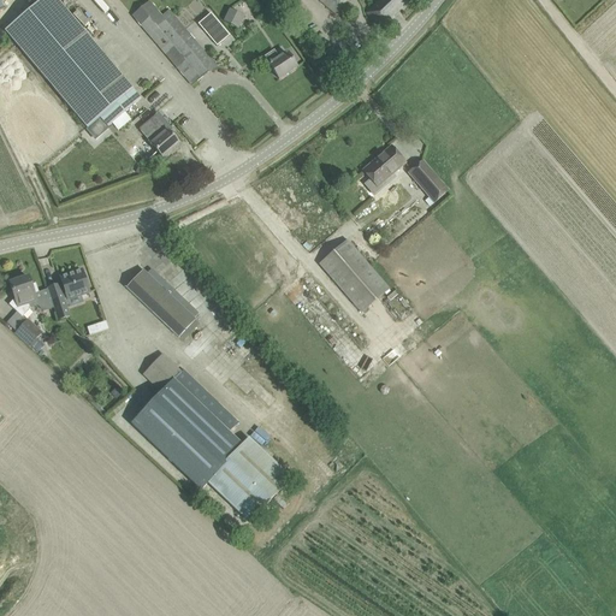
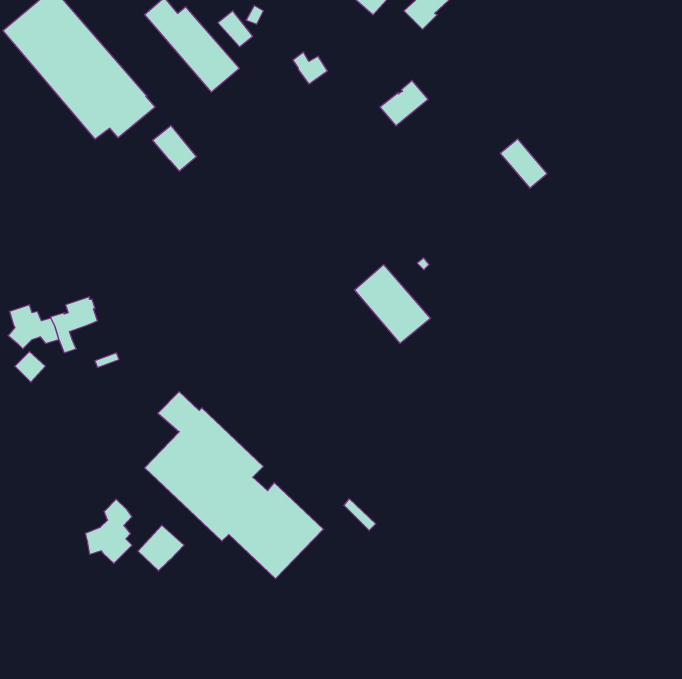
building: [361,143,404,184] -> [380,80,428,126]
building: [405,156,448,201] -> [500,139,547,188]
building: [125,267,194,334] -> none
building: none -> [86,499,132,564]
building: none -> [138,525,184,571]

